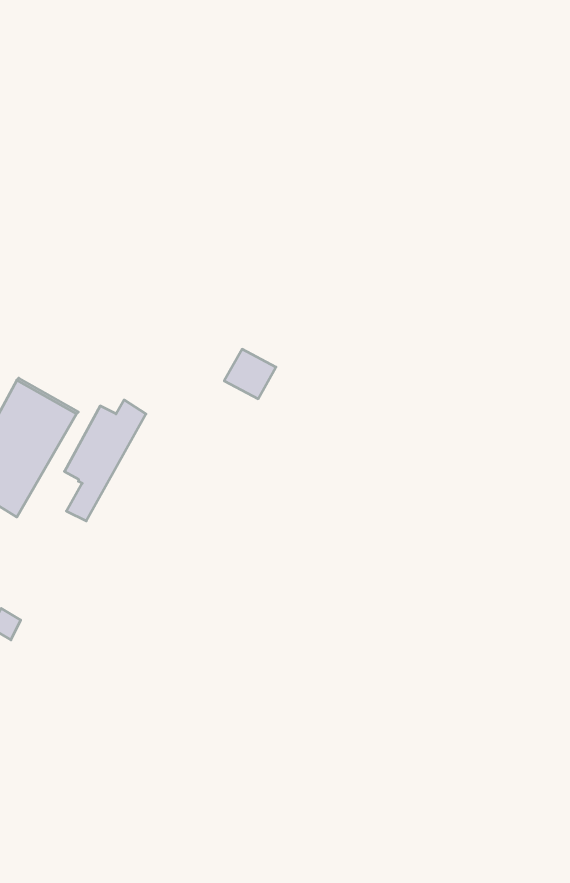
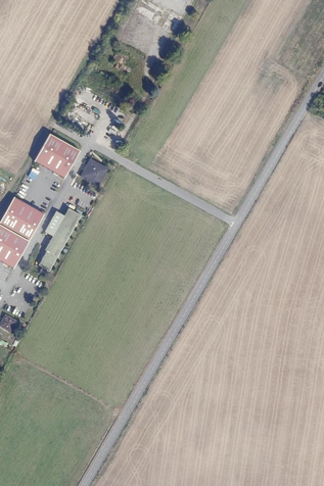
building: none -> [33,134,79,178]
building: [224,349,276,399] -> [80,159,106,185]

